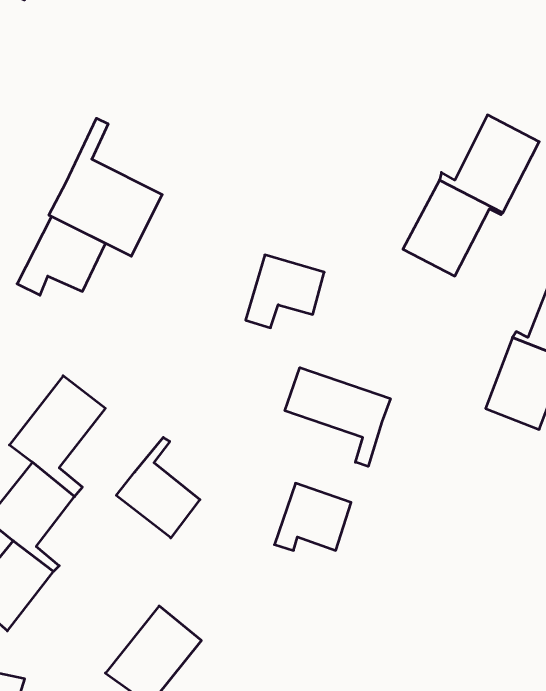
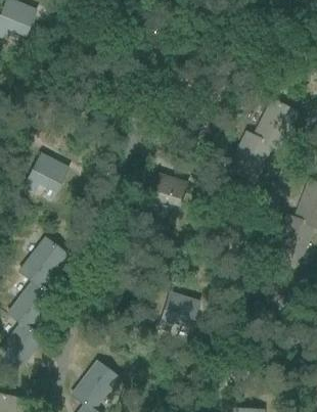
building: [49,118,162,256] -> none
building: [285,368,390,466] -> none
building: [116,437,200,538] -> none

